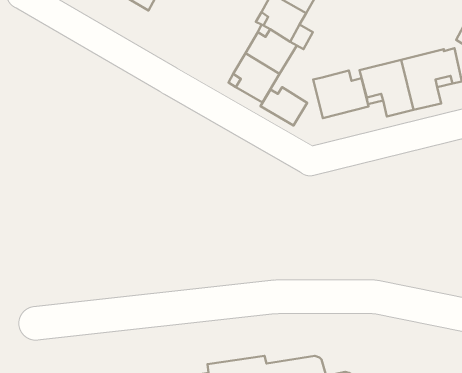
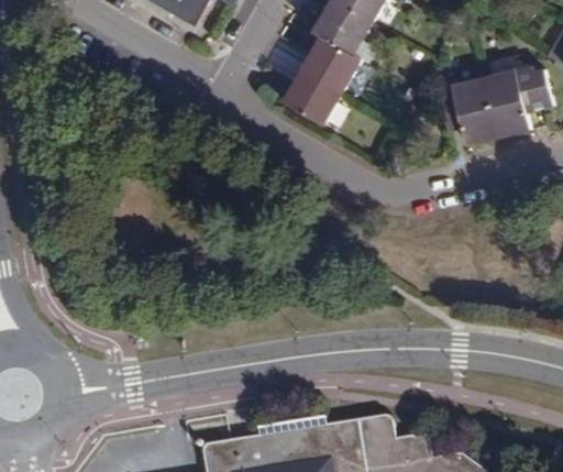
building: [313,70,368,118] -> none
building: [260,87,307,126] -> none

